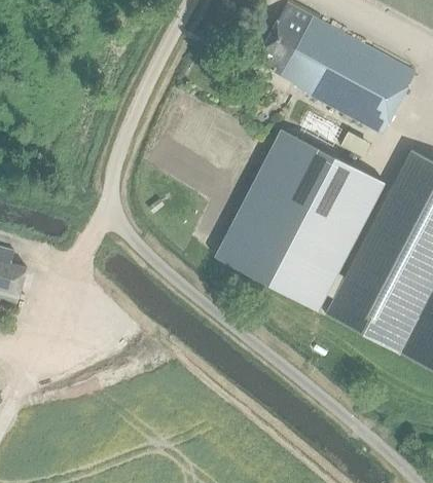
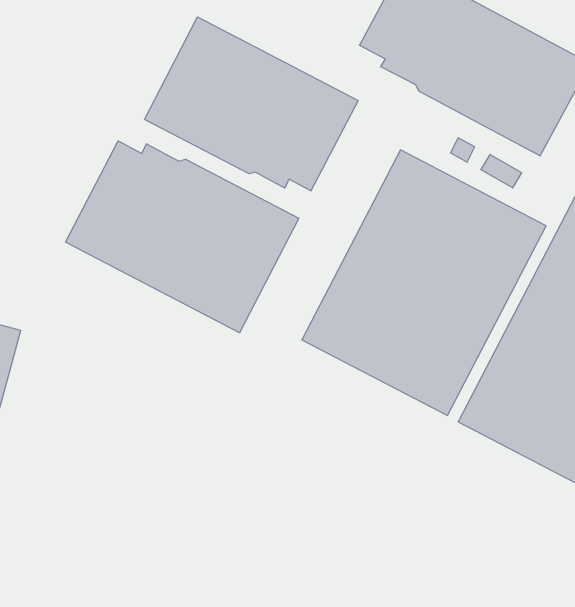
building: none -> [145,17,358,191]
building: none -> [66,141,299,333]

